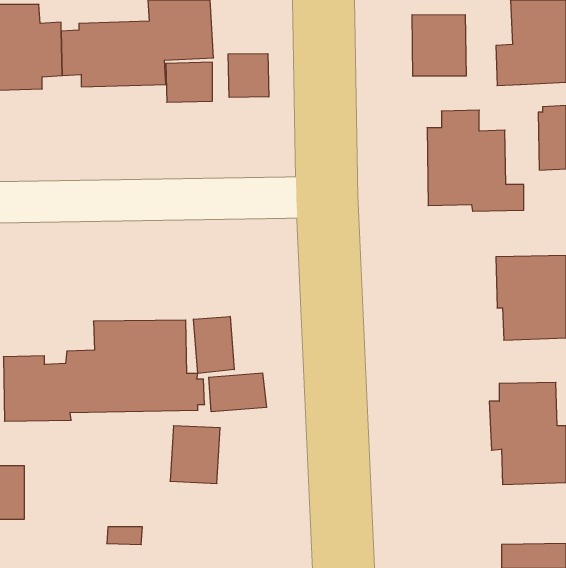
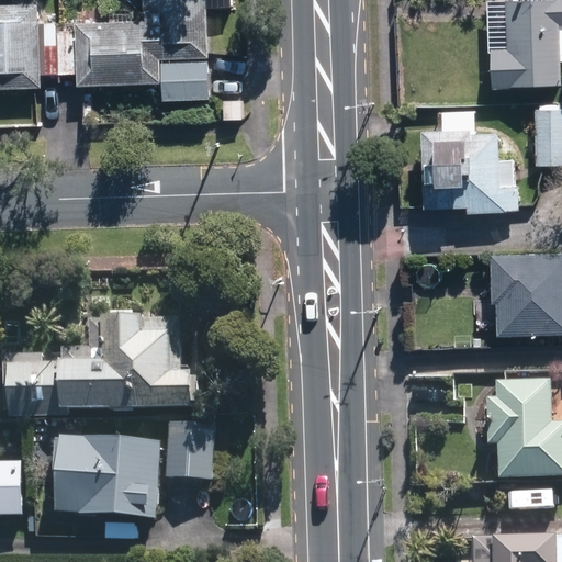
building: [412,15,466,76] -> none
building: [228,54,269,97] -> none
building: [194,316,234,373] -> none
building: [209,373,266,412] -> none
building: none -> [59,434,164,516]

